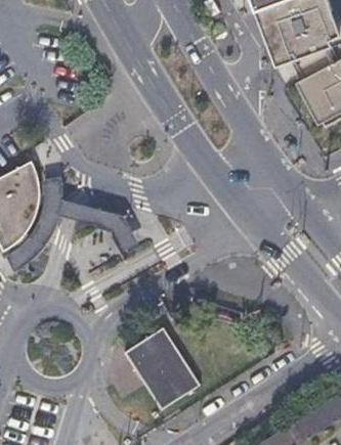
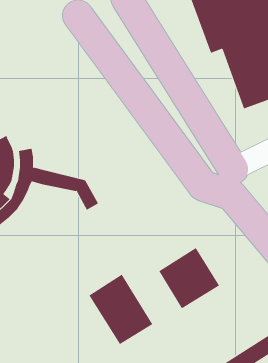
building: none -> [159,247,220,309]

